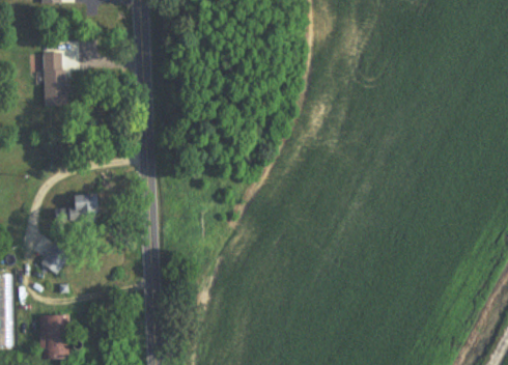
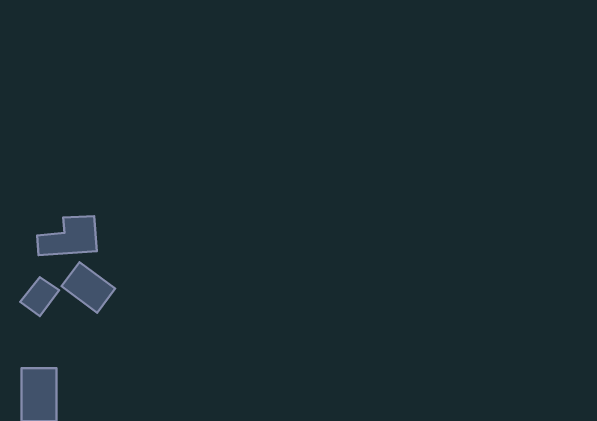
building: [43,52,65,106] -> none
building: none -> [62,262,115,313]

